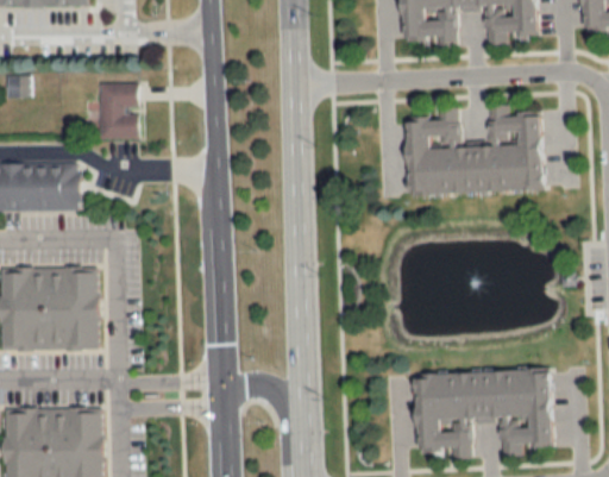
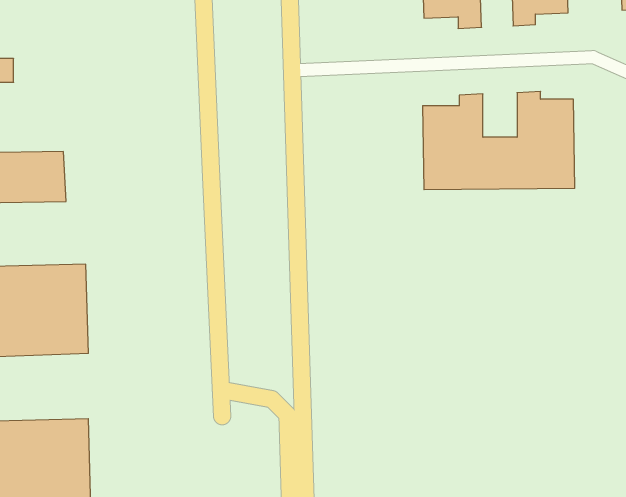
building: [99,80,139,136] -> none
building: [416,374,551,463] -> none

